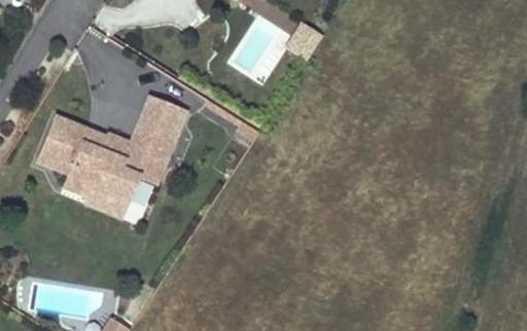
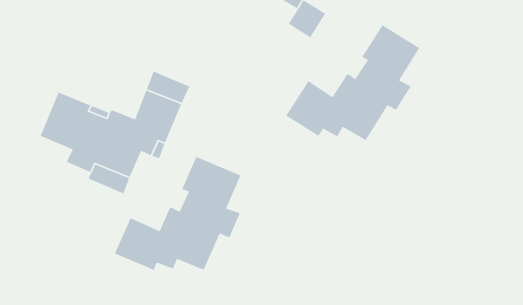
building: none -> [285,24,420,141]
building: none -> [114,156,241,271]

